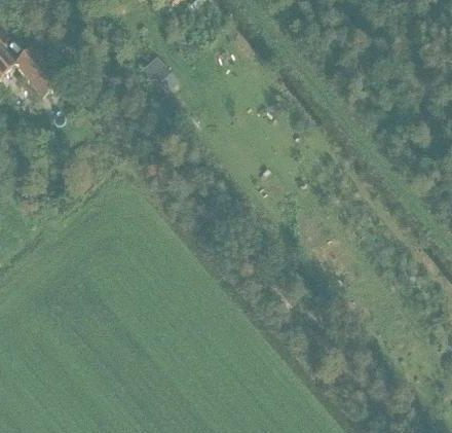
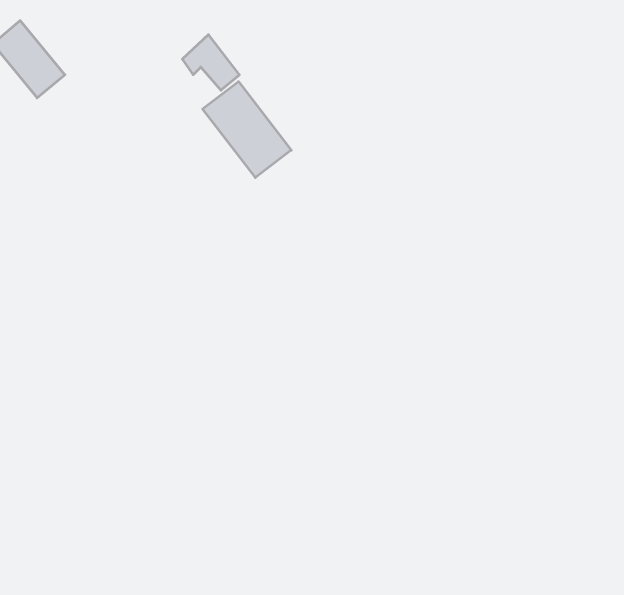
building: none -> [203,82,291,178]

